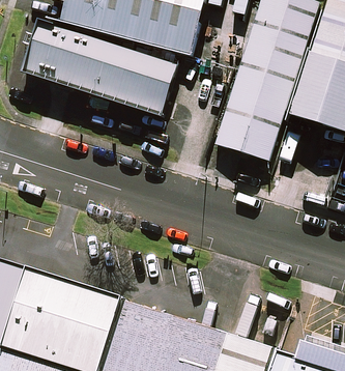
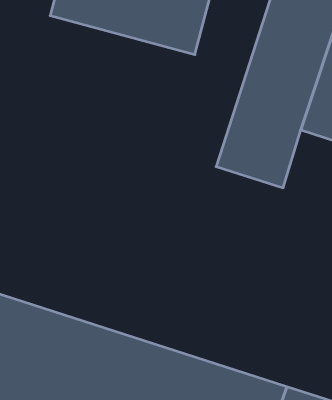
building: [26,25,177,111] -> none

